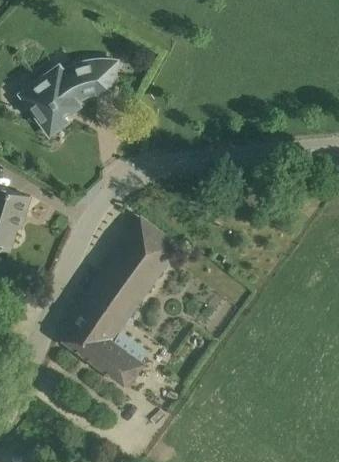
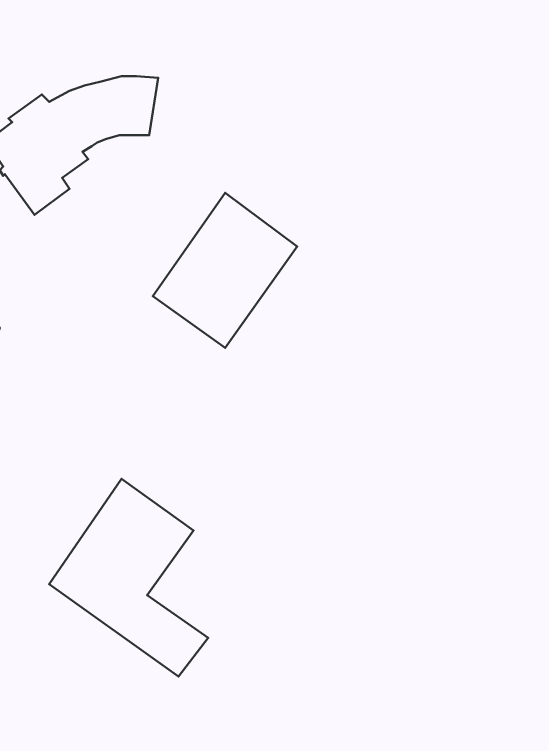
building: [97,222,175,306] -> [153,193,297,348]

